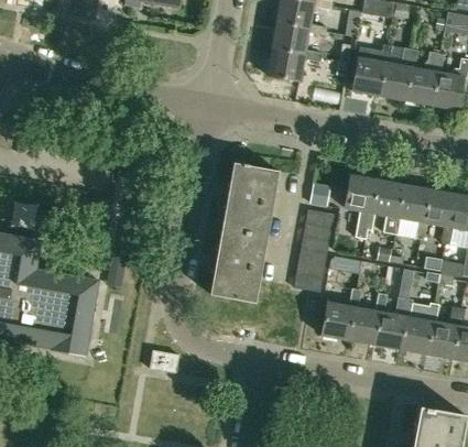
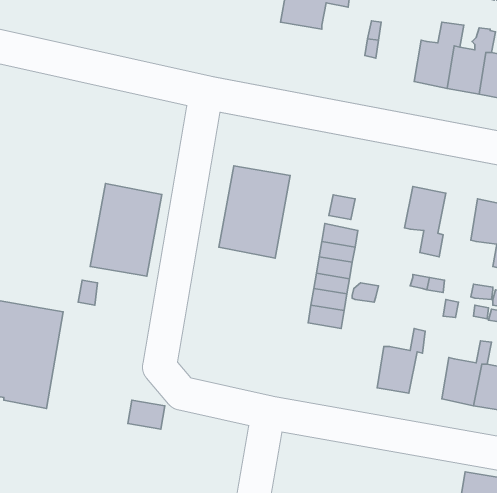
building: [352,44,392,95] -> none
building: [266,47,323,80] -> none
building: [345,174,378,238] -> none
building: [398,184,429,239] -> none
building: [210,227,268,301] -> [90,184,162,276]
building: [322,287,362,339] -> none
building: [374,297,414,348] -> none

